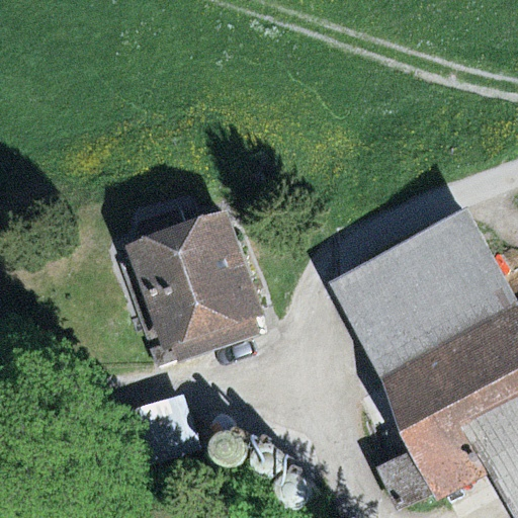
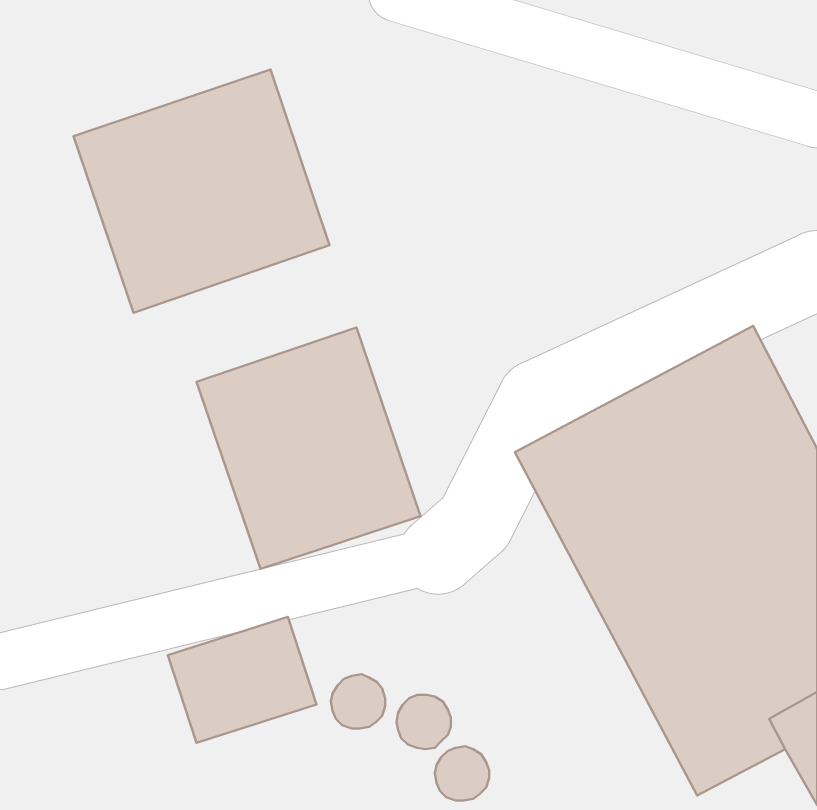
building: none -> [73,69,330,313]

